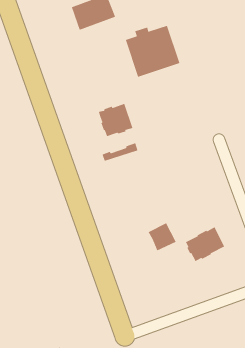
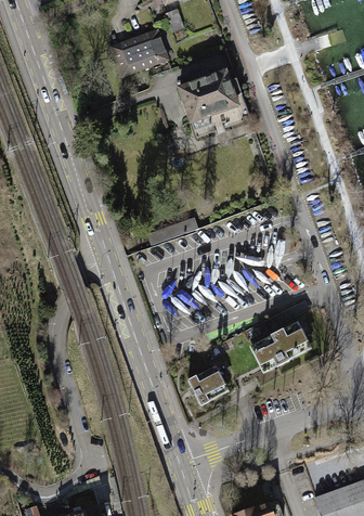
building: [98,103,134,137] -> none
building: [148,222,177,251] -> [186,367,223,404]

